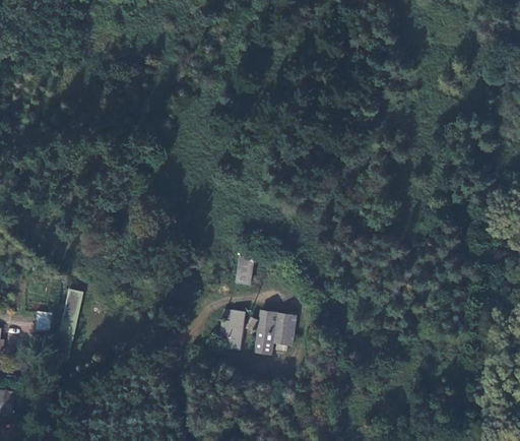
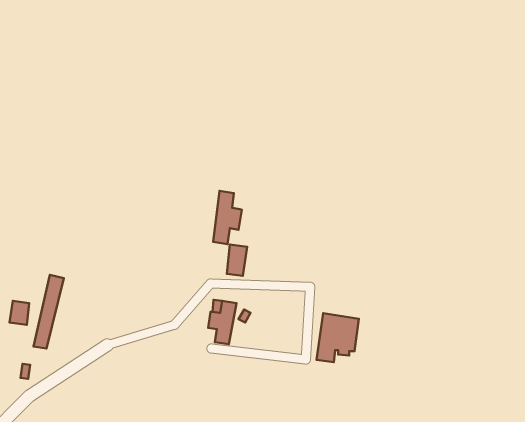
building: none -> [213,191,242,244]
building: [256,309,296,355] -> [317,313,359,362]

